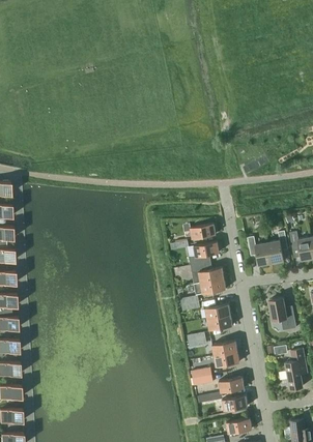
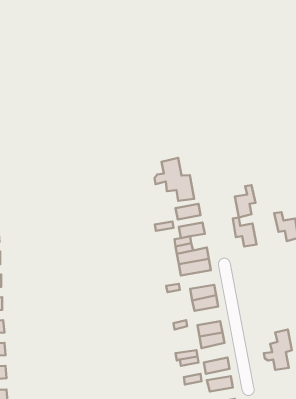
building: none -> [154,158,194,201]
building: [267,232,288,264] -> [235,185,256,217]
building: [269,298,296,330] -> none

